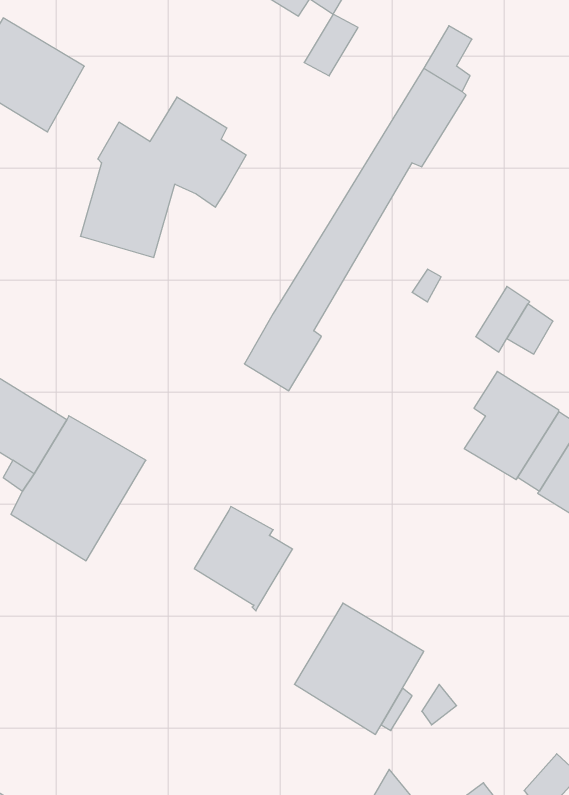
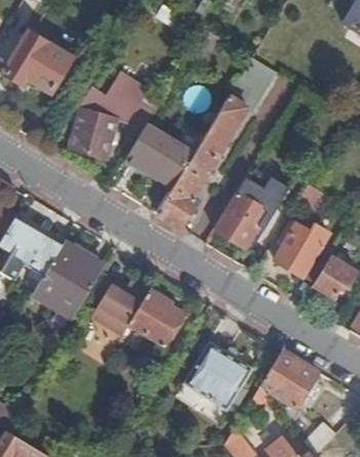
building: none -> [125,124,202,189]
building: none -> [214,192,268,248]
building: none -> [92,282,149,335]
building: none -> [265,350,318,408]

